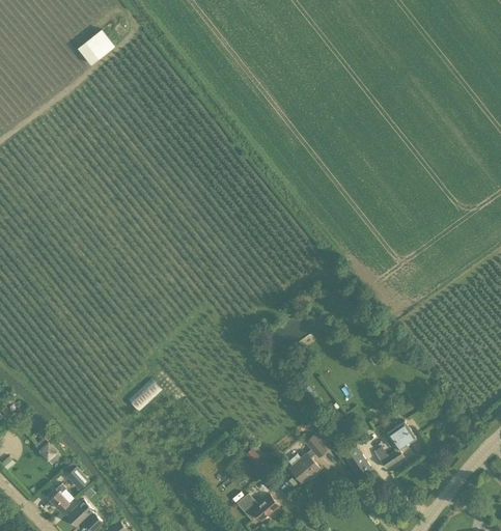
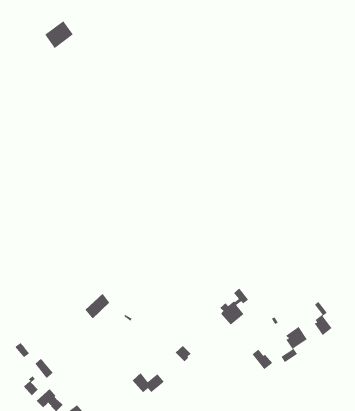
building: none -> [314,301,333,336]
building: [287,435,326,483] -> [219,288,249,325]
building: [235,493,278,520] -> [132,372,165,393]

